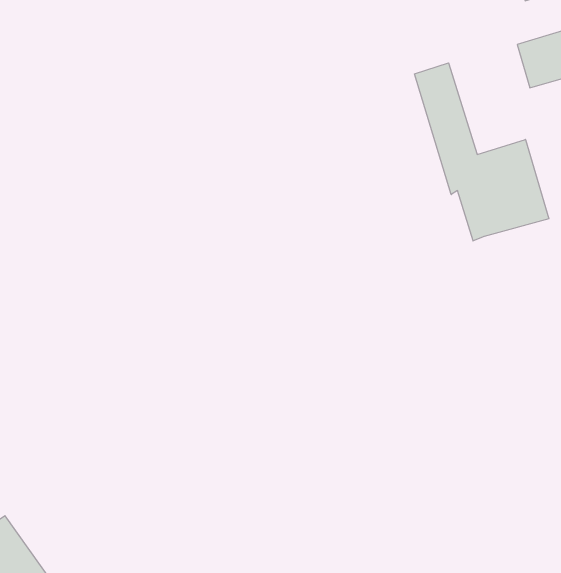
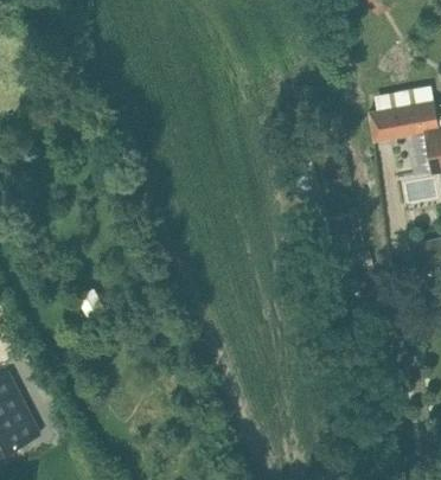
building: [415,63,549,241] -> none

